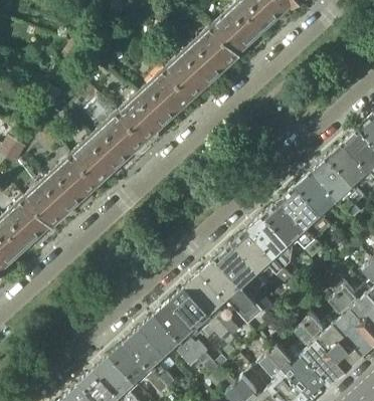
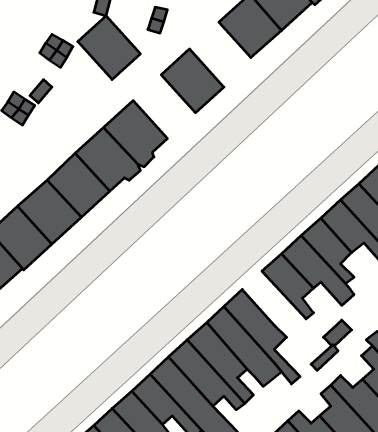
building: [187,25,239,78] -> none
building: [141,68,192,121] -> [78,16,140,80]
building: [230,229,291,284] -> none

